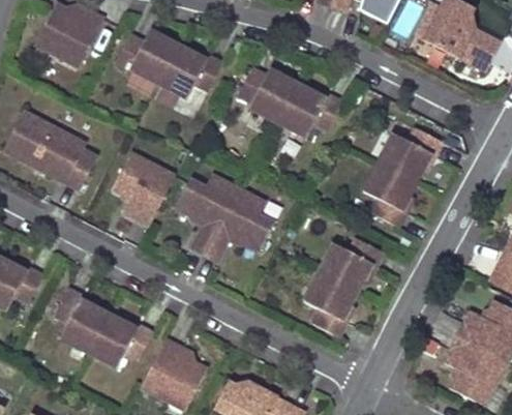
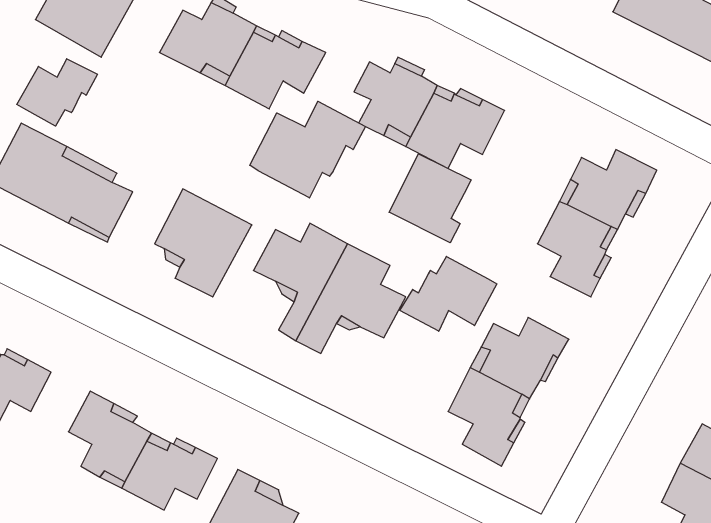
building: none -> [17,59,97,126]
building: none -> [250,101,365,198]
building: none -> [389,154,471,243]
building: none -> [400,256,497,331]

